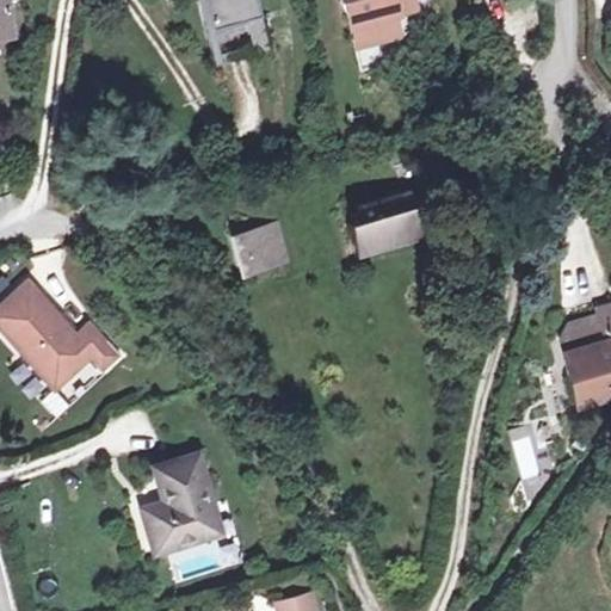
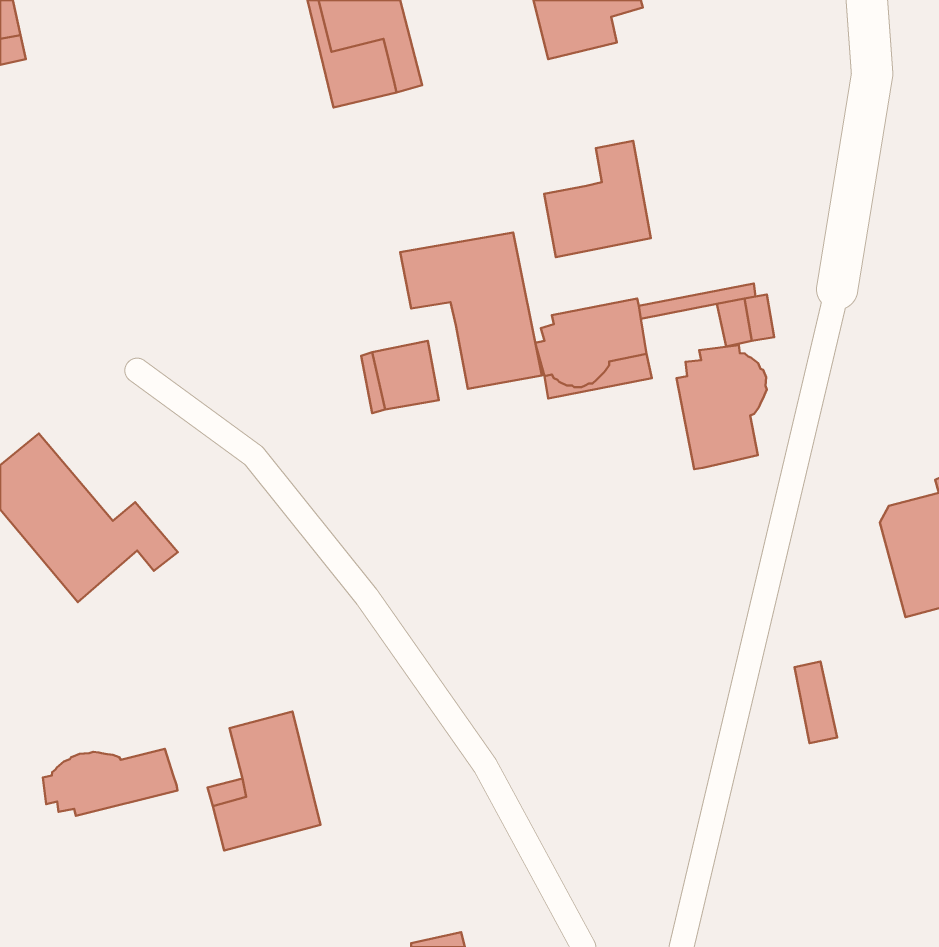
building: none -> [544,141,651,257]
building: none -> [400,232,542,389]
building: none -> [676,345,767,469]
building: none -> [43,749,177,816]

